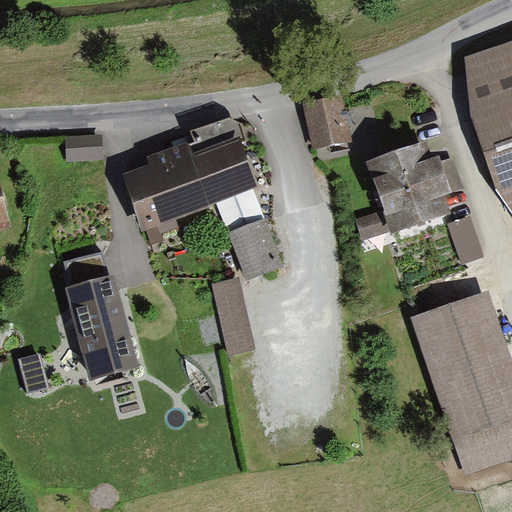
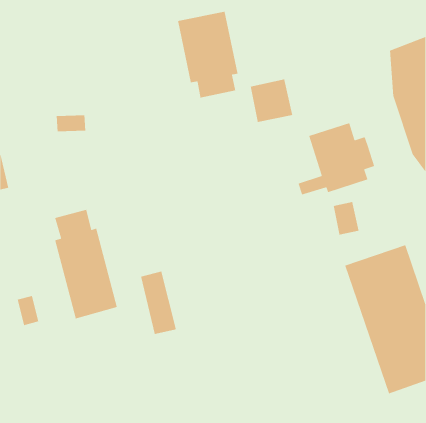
building: none -> [177,11,239,99]
building: [123,117,281,276] -> none
building: [452,216,484,257] -> [333,201,360,235]
building: [212,275,256,352] -> [140,270,177,335]

